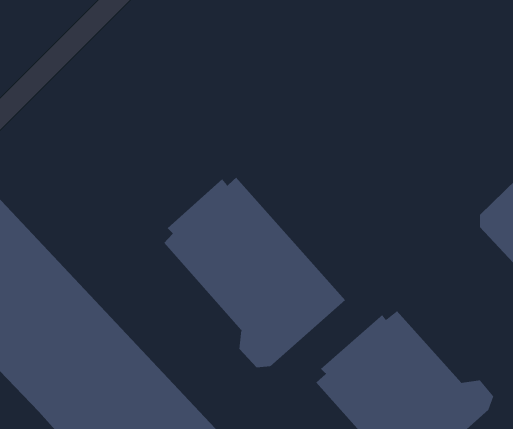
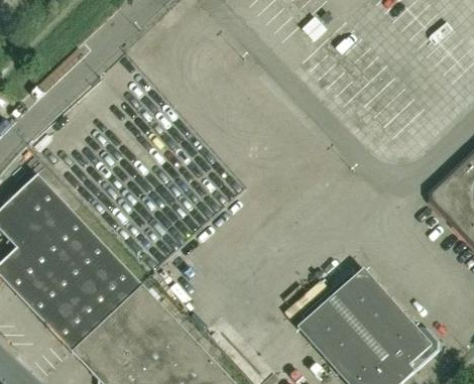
building: [163,177,346,368] -> none

